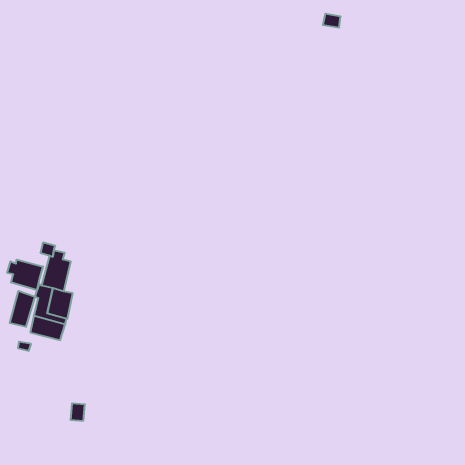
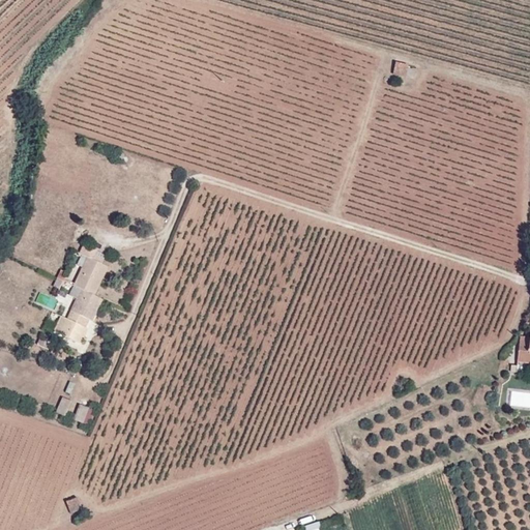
building: [7,260,43,290] -> none
building: [10,291,35,327] -> none

